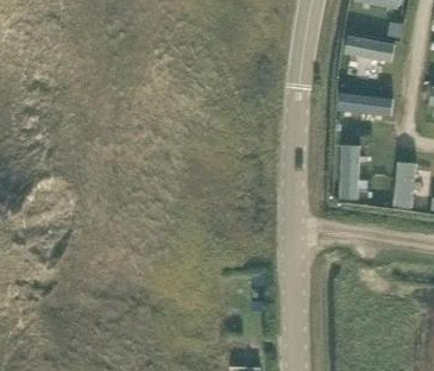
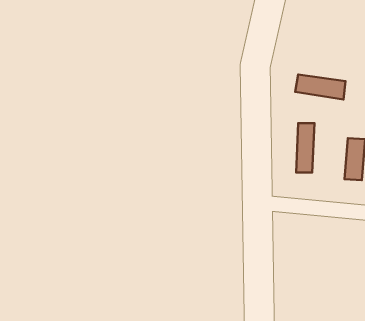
building: [341,34,398,62] -> none

